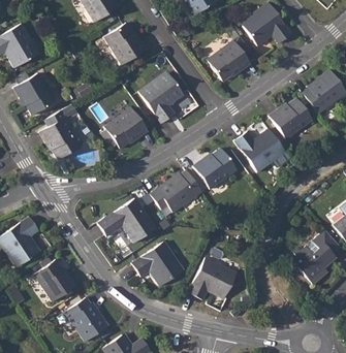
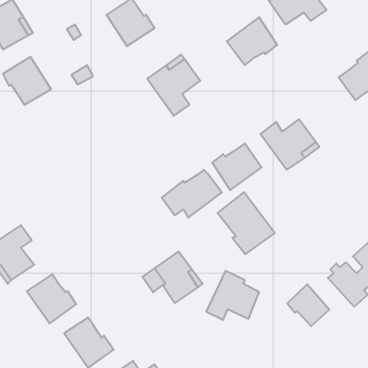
building: [269,97,312,137] -> none
building: [40,104,82,159] -> none
building: [101,107,148,148] -> none
building: none -> [218,192,275,254]
building: [99,198,157,242] -> none
building: none -> [287,284,329,326]

